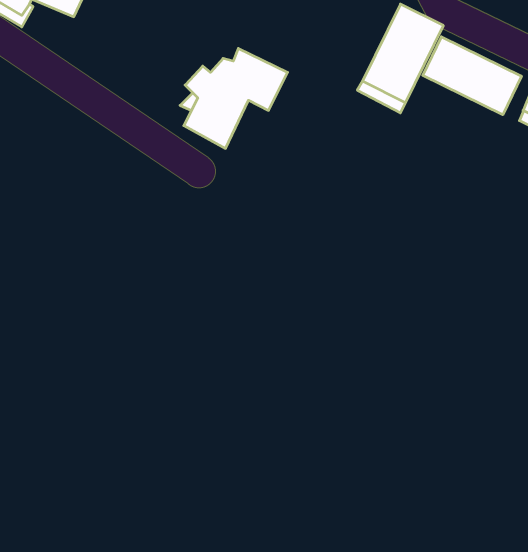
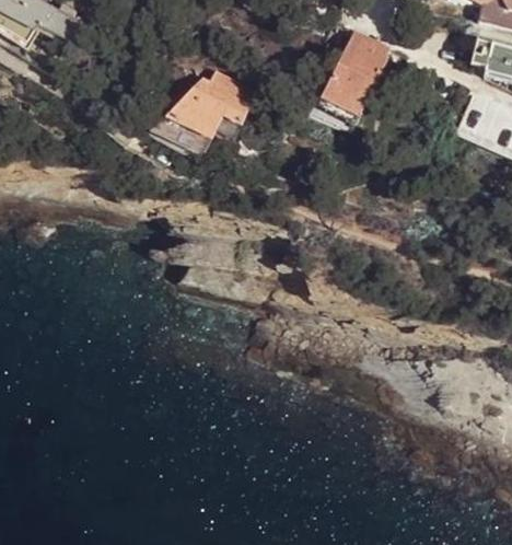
building: [423,37,521,115] -> none

